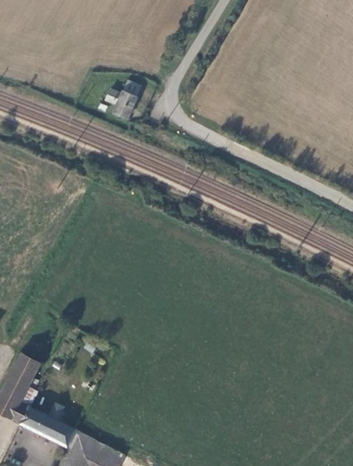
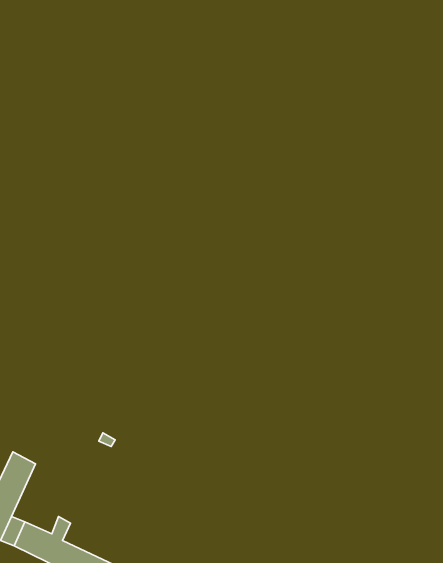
building: [107,79,141,117] -> none

